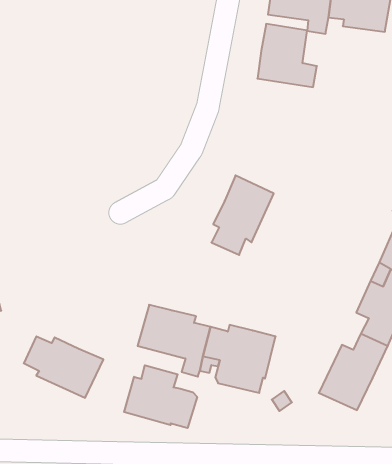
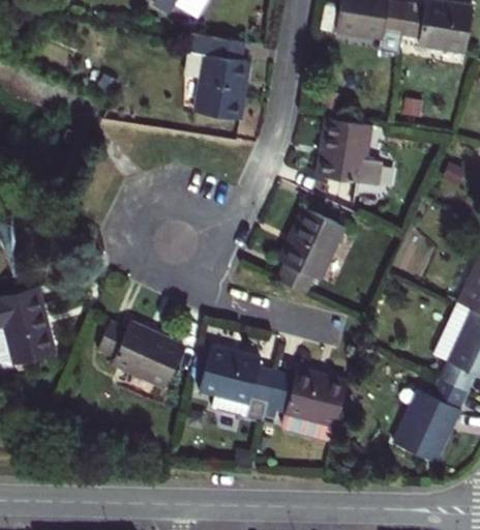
building: none -> [185,32,250,118]
building: [257,24,317,87] -> [318,117,382,185]
building: [24,336,103,398] -> [97,322,183,388]
building: [124,365,197,428] -> none

